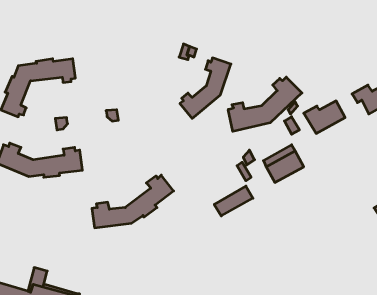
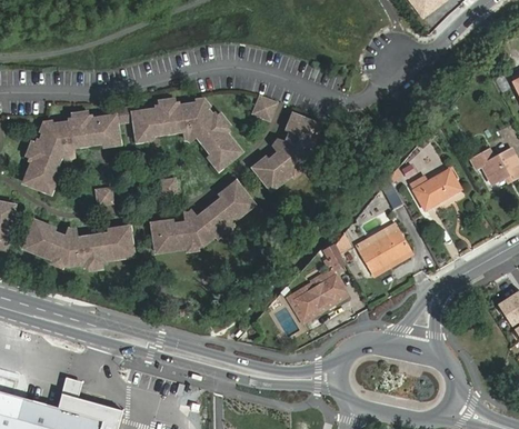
building: none -> [133,103,240,169]
building: [228,77,302,131] -> none
building: [92,175,174,228] -> [148,186,251,252]
building: none -> [289,271,347,321]

